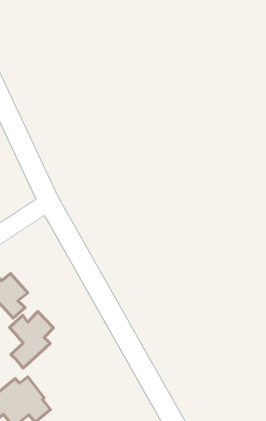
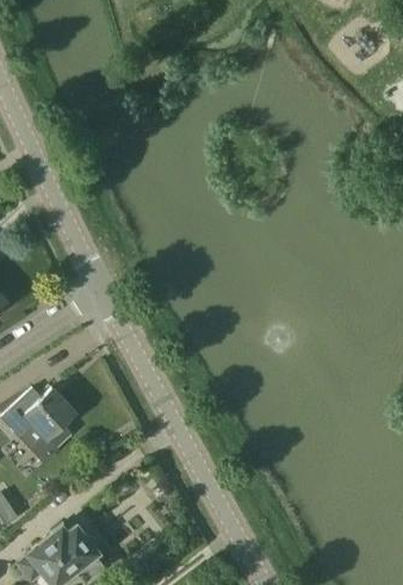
building: [9,312,53,368] -> none

